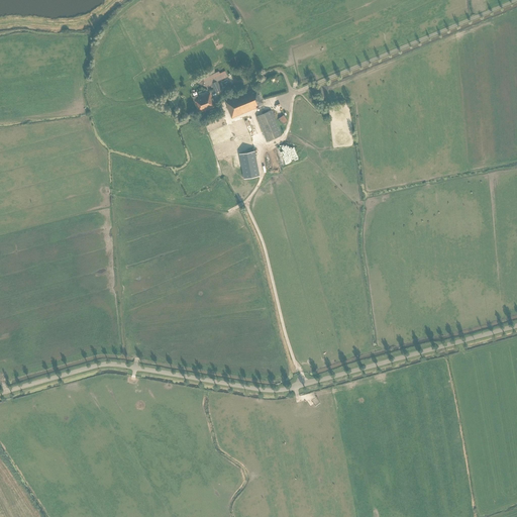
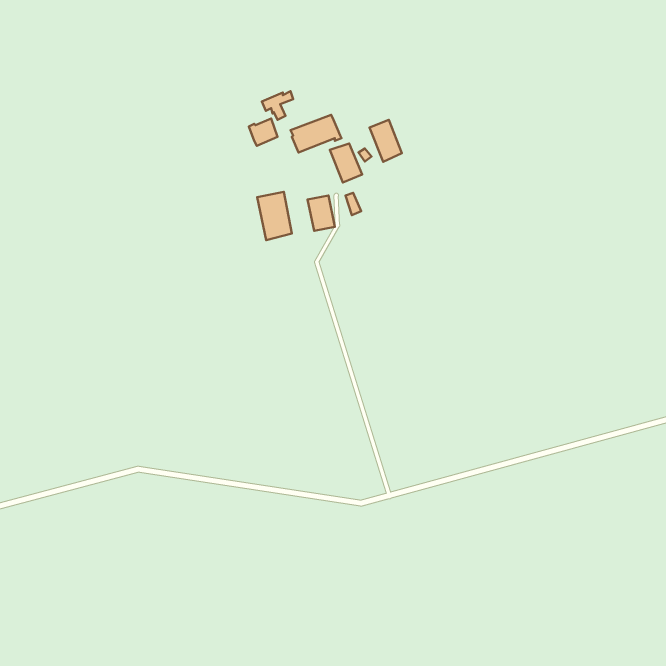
building: none -> [369,120,402,162]
building: none -> [257,192,292,240]

